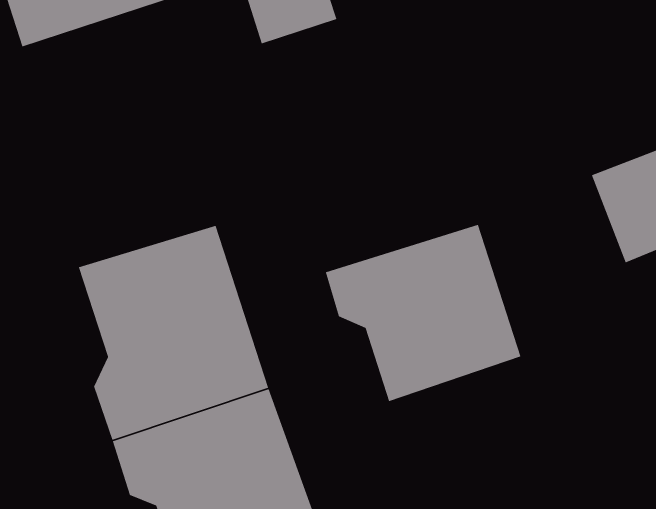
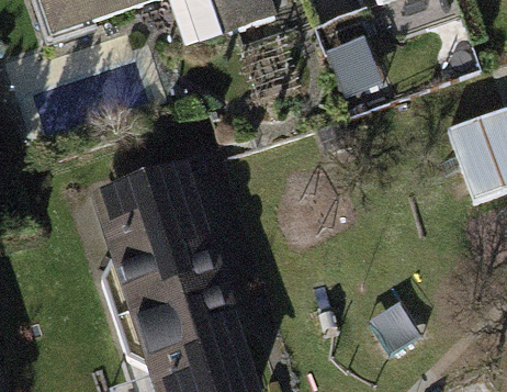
building: [325,224,521,402] -> none

